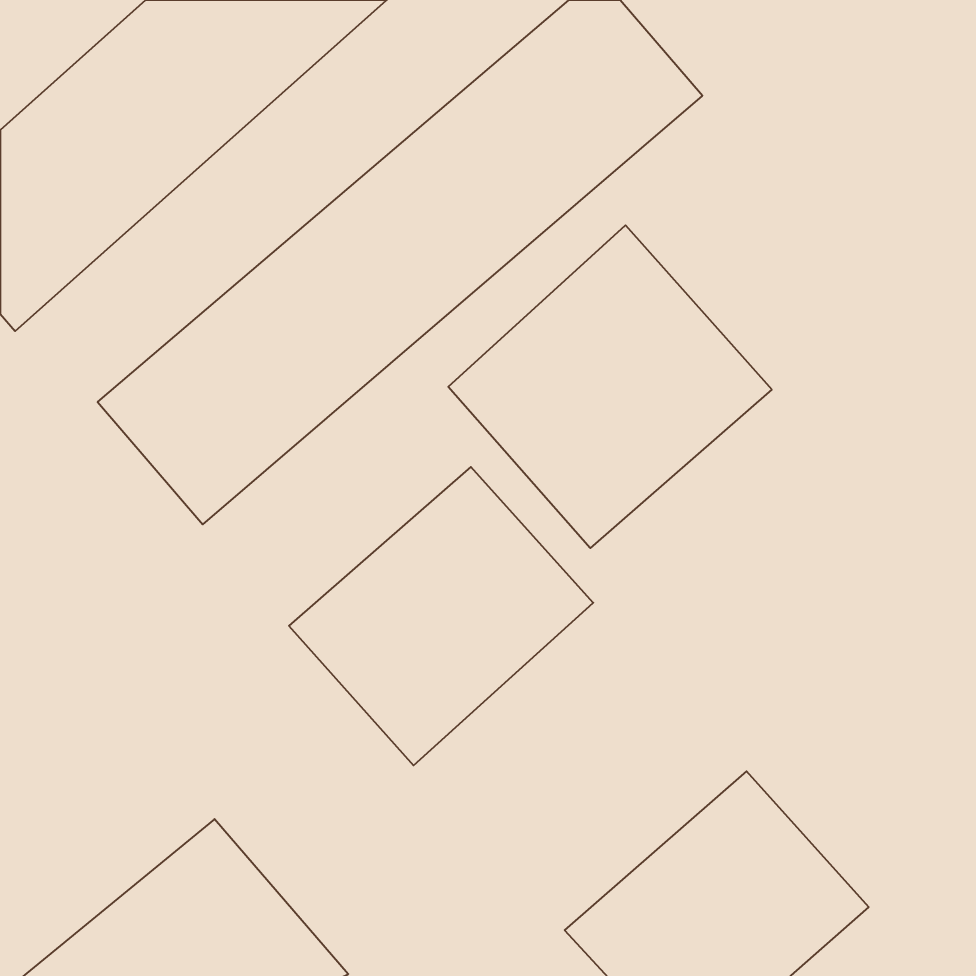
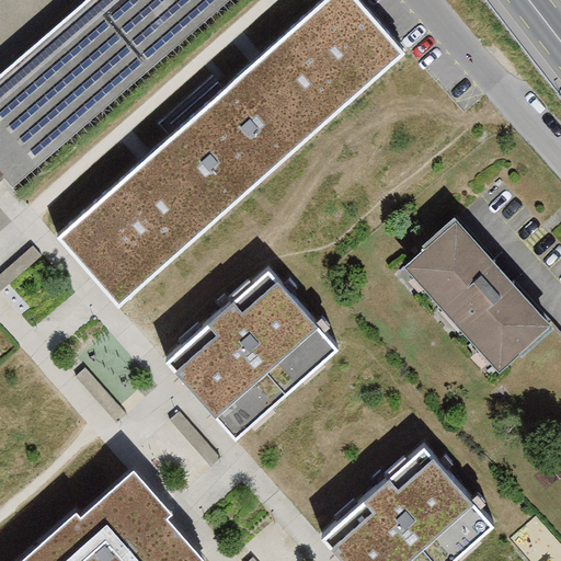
building: [448,225,772,548] -> none
building: none -> [398,218,549,376]

